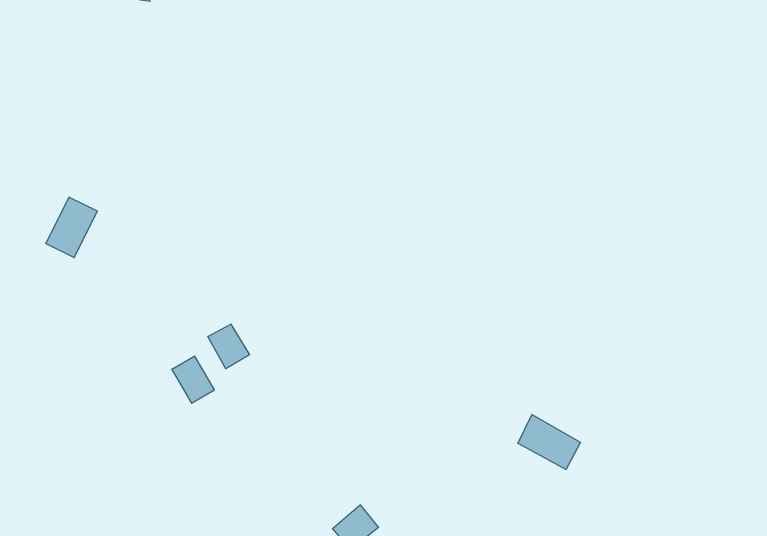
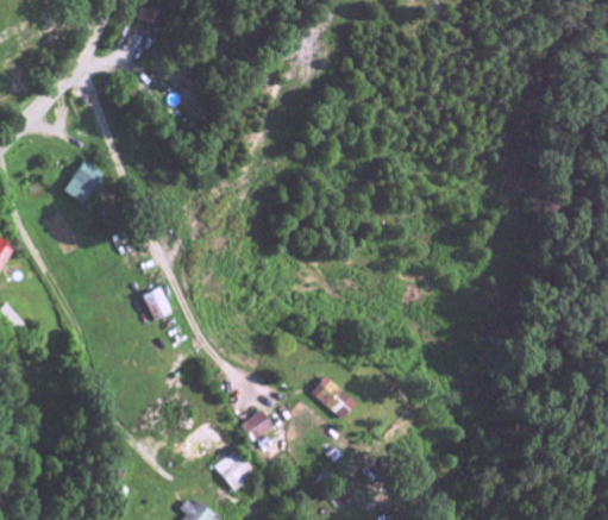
building: [208,324,250,369] -> none
building: [518,415,581,469] -> [309,375,355,418]

